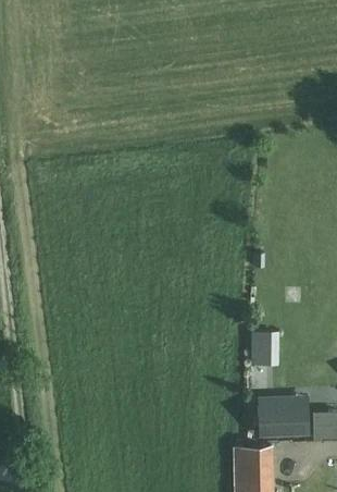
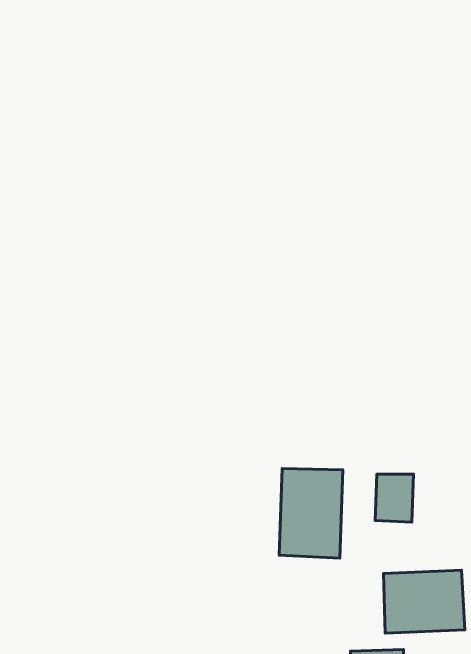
building: none -> [279,469,343,558]

